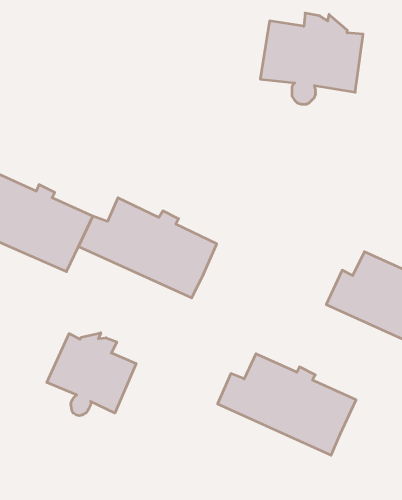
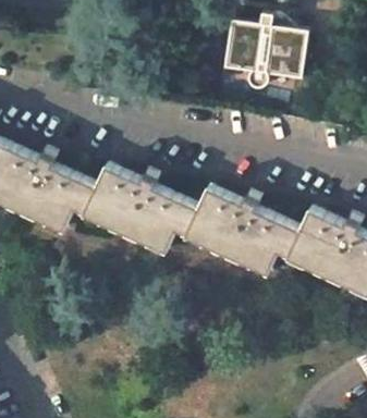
building: [47,333,136,416] -> none
building: [218,354,356,455] -> [175,188,290,272]

